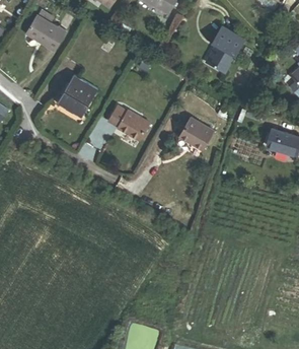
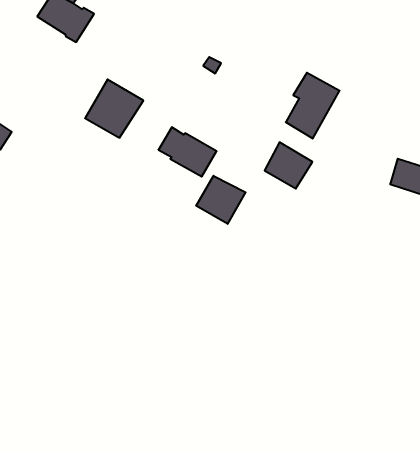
building: [207,27,243,72] -> [286,73,340,139]
building: none -> [196,176,246,224]

